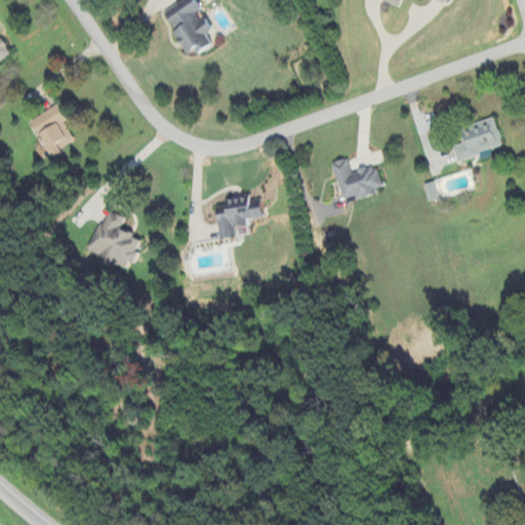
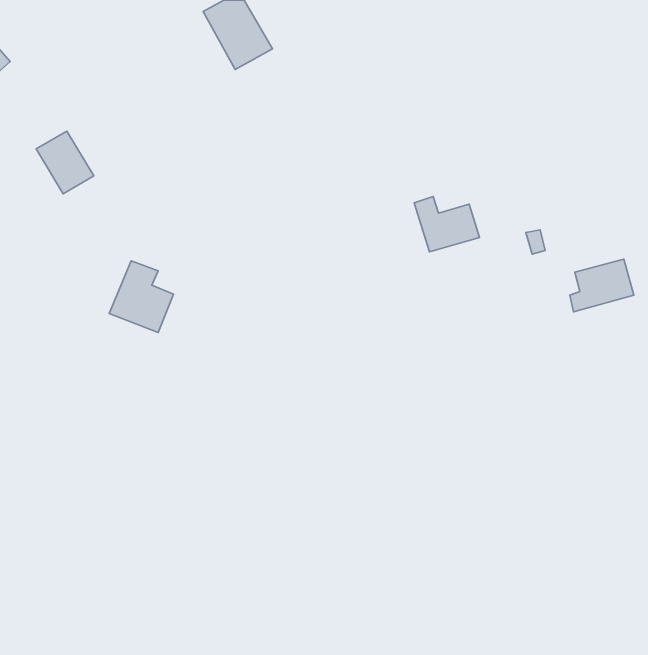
building: [451,118,502,160] -> [570,259,634,312]
building: [215,203,265,239] -> none

